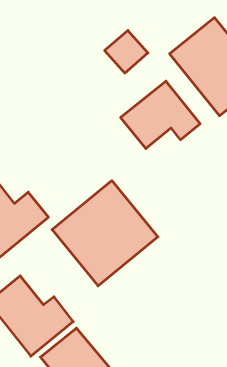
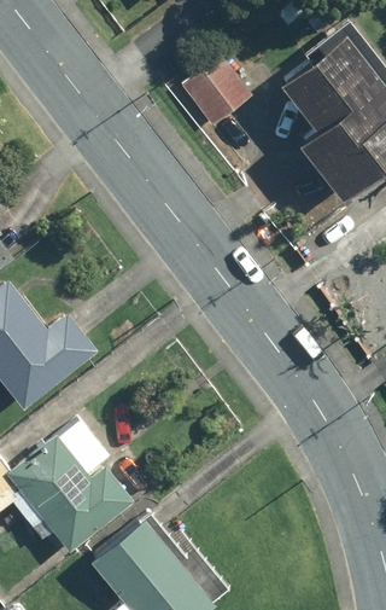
building: [121,81,200,149] -> none
building: [52,181,158,286] -> none

